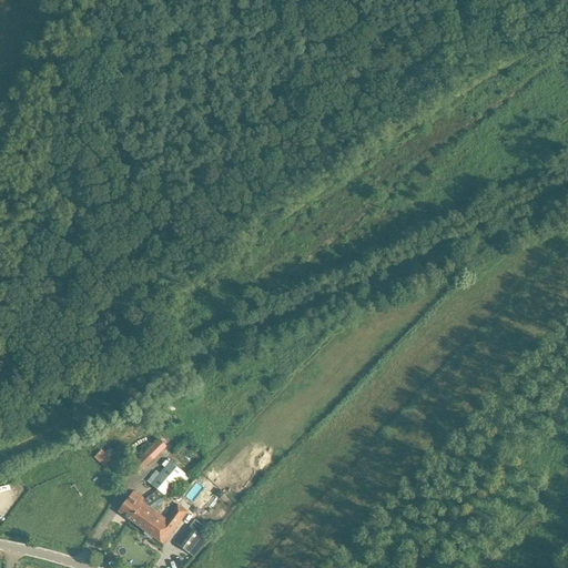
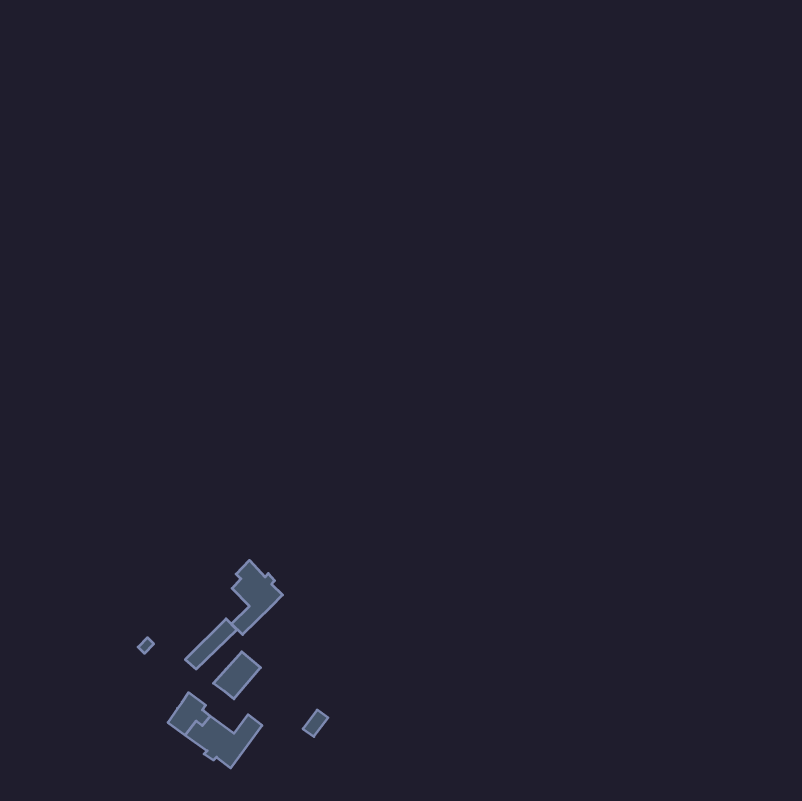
building: none -> [232,560,283,635]
building: [176,525,207,556] -> none

